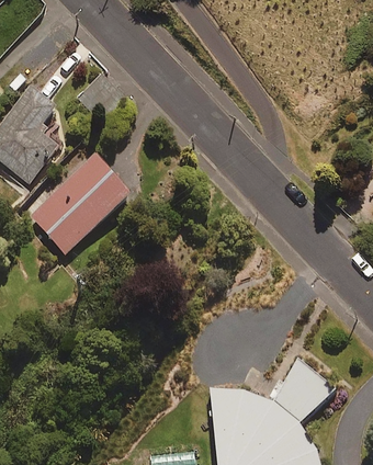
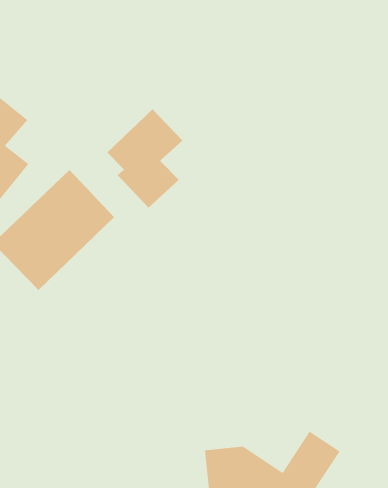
building: none -> [107,108,183,208]

